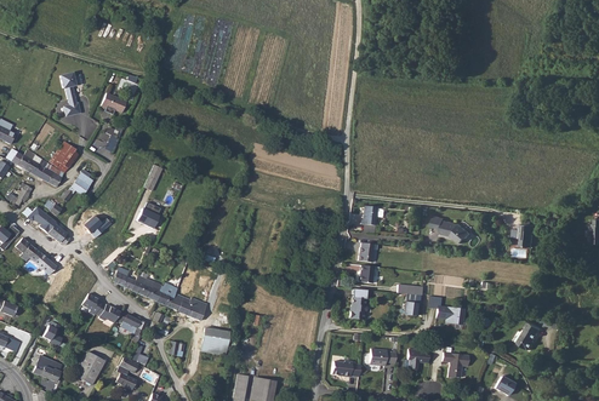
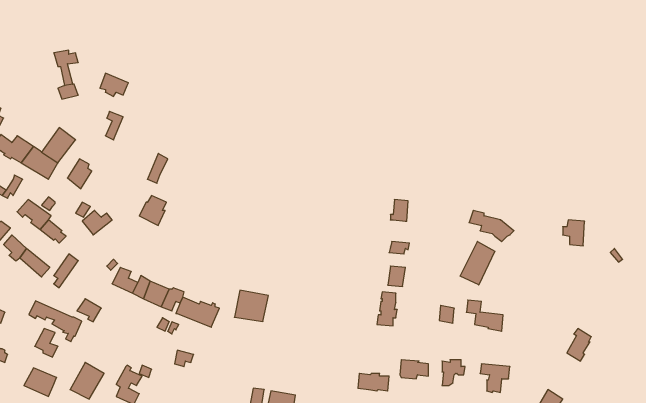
building: none -> [460,241,495,285]
building: [99,305,147,342] -> [29,301,82,342]
building: [199,327,229,355] -> [234,290,268,321]

